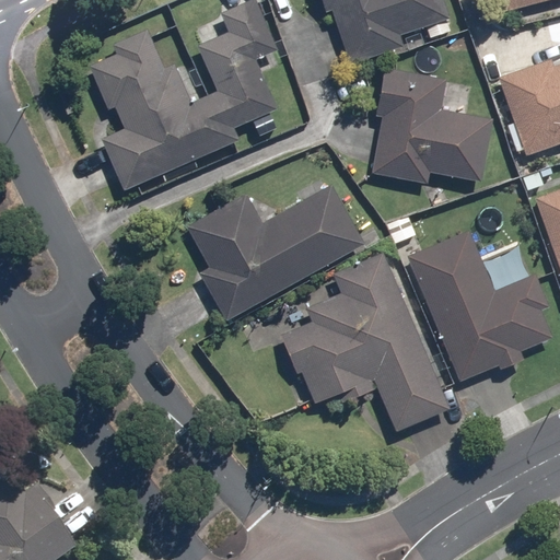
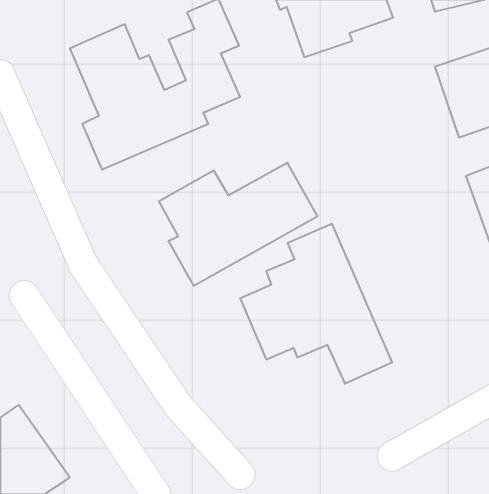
building: [371,67,494,185] -> none
building: [406,230,555,383] -> none

